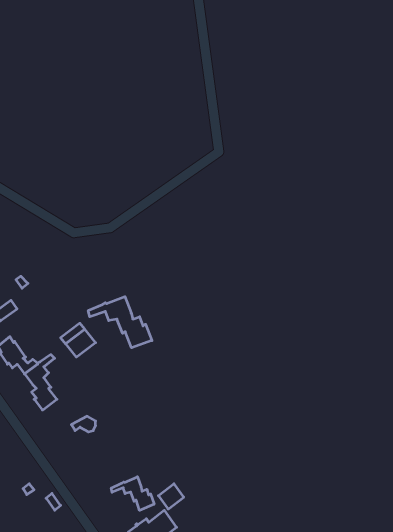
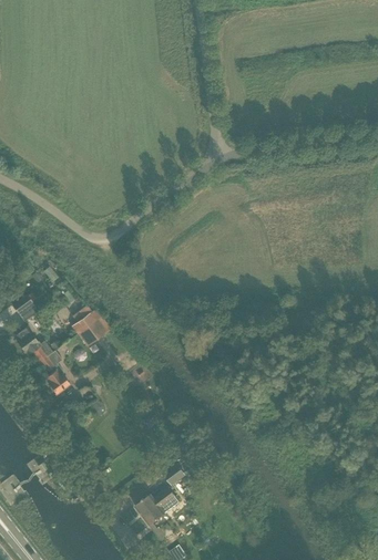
building: [88,297,152,348] -> none
building: [111,477,154,510] -> none

